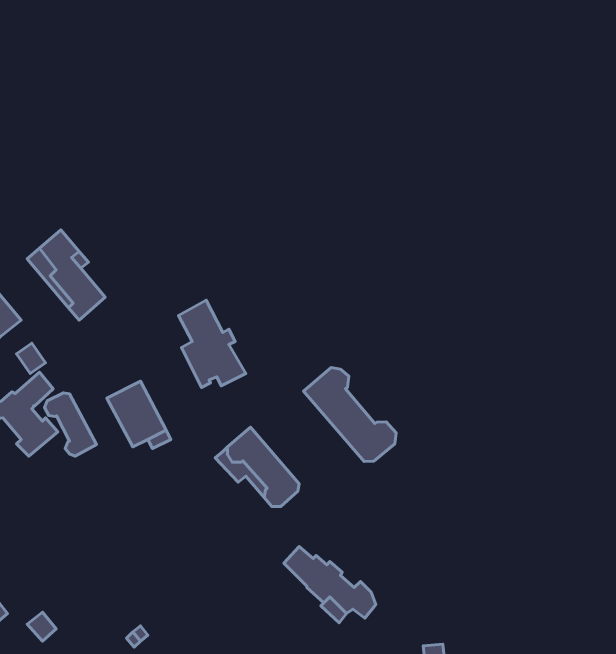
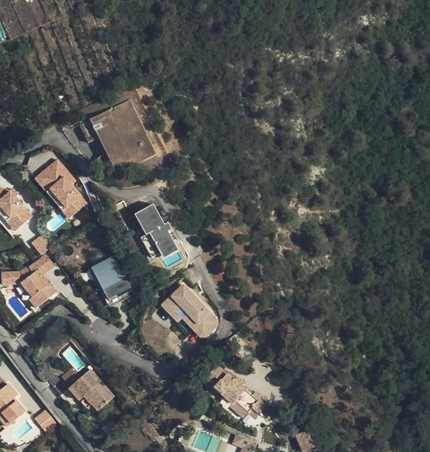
building: none -> [80,97,157,173]
building: [304,368,396,461] -> none
building: [44,393,96,456] -> none
building: none -> [61,365,113,409]

